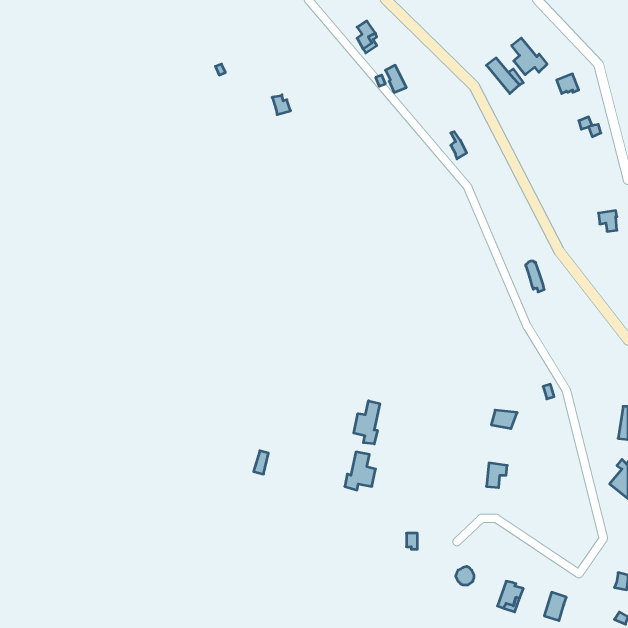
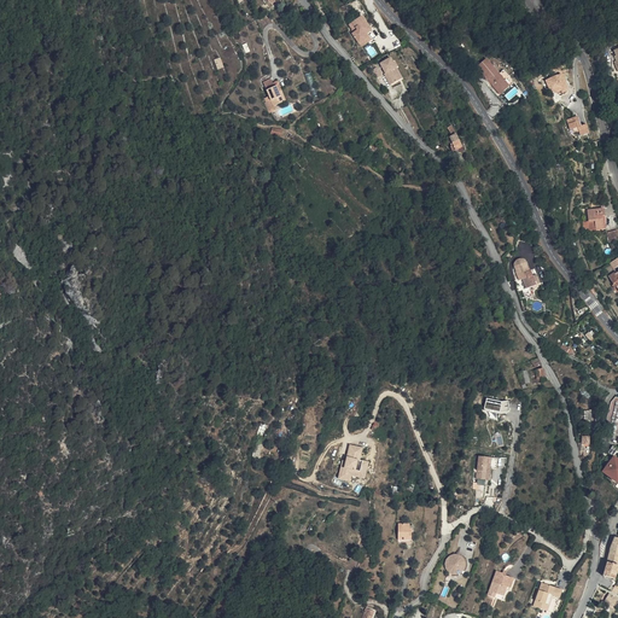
building: [512,38,547,75] -> none
building: [354,401,380,444] -> none

